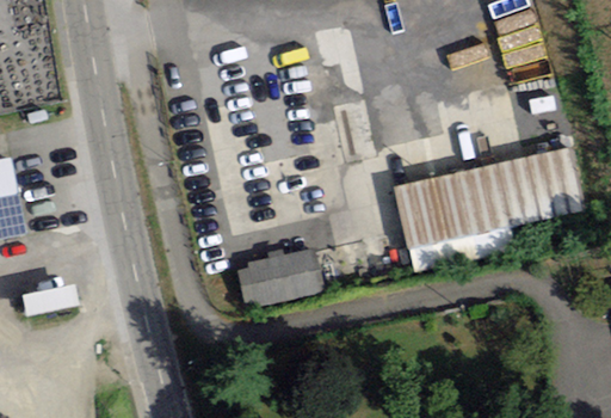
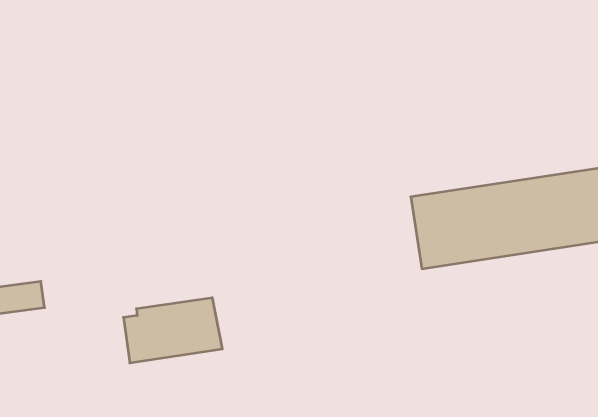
building: [236,248,325,311] -> [123,298,222,363]

